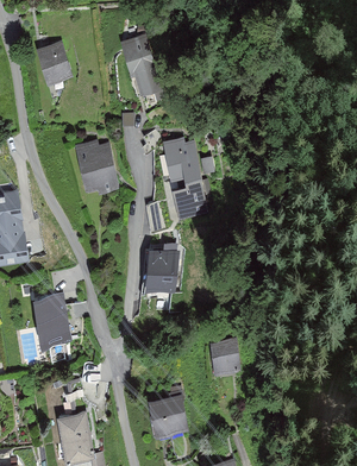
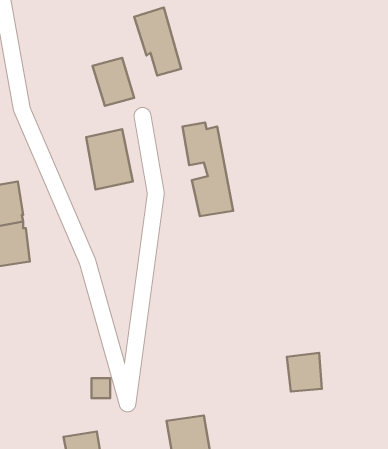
building: [36,43,73,86] -> [93,58,134,106]
building: [143,245,178,291] -> none
building: [33,294,71,347] -> none
building: [209,341,240,376] -> [287,353,322,392]

